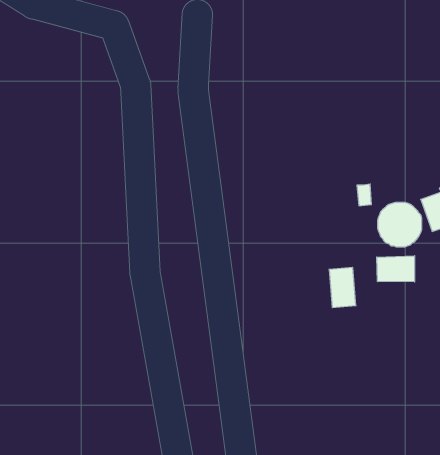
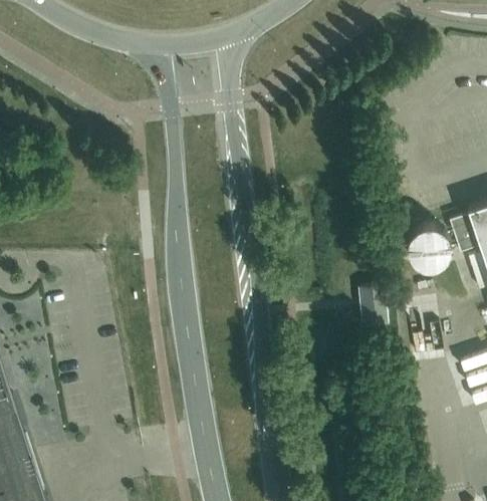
building: [377,256,415,282] -> none

